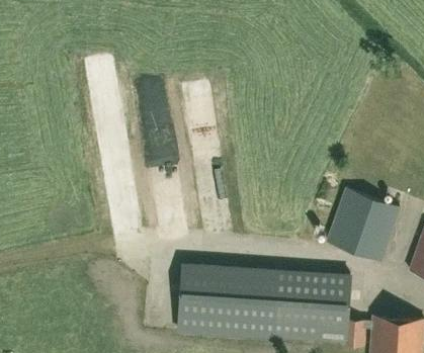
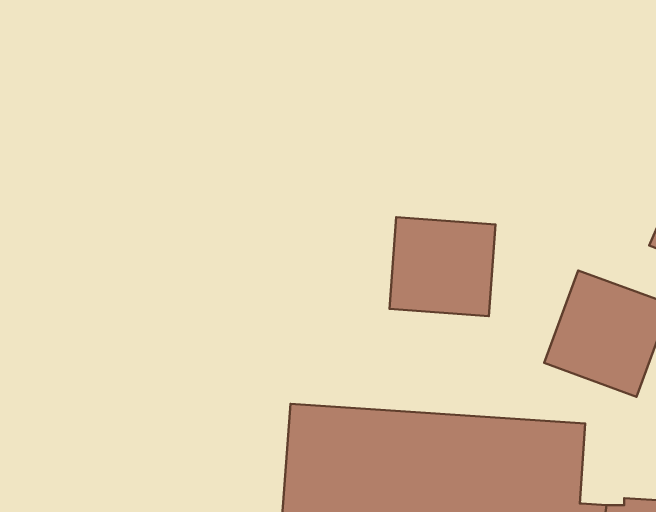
building: none -> [390,217,496,316]

